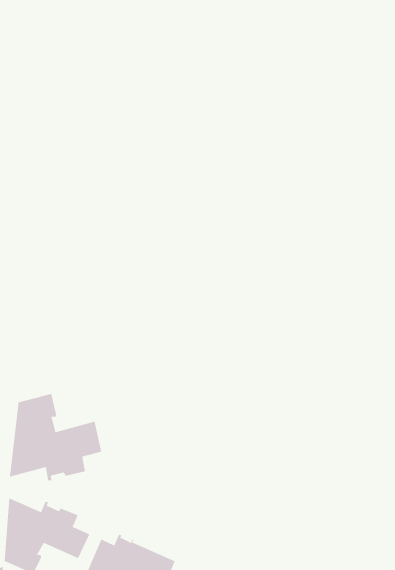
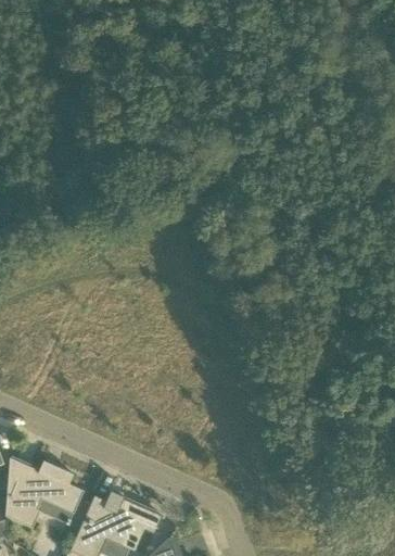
building: [9,393,102,481] -> none

